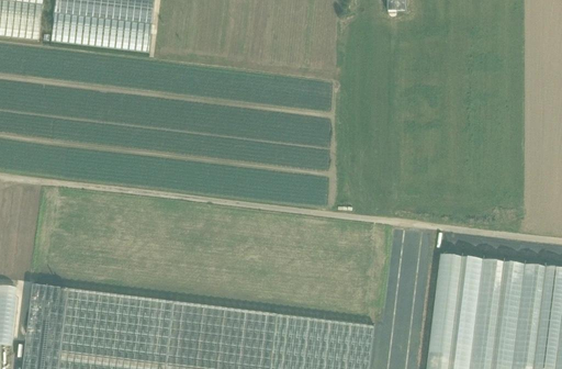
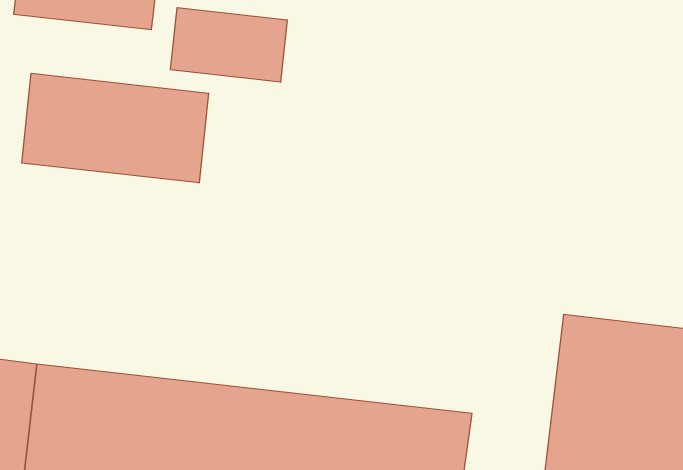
building: none -> [171,8,287,82]
building: none -> [22,73,209,183]

